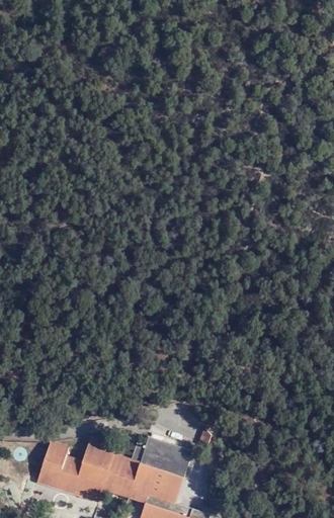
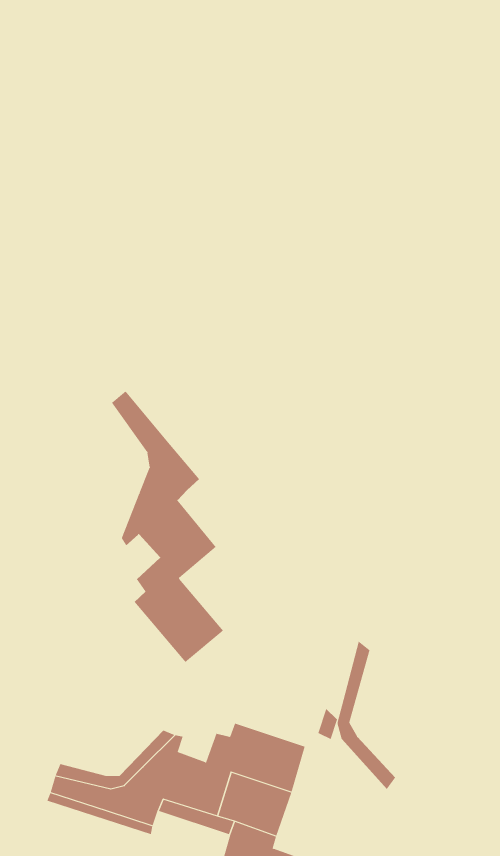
building: none -> [111,391,224,663]
building: none -> [337,640,396,790]
building: [44,436,105,467] -> none

